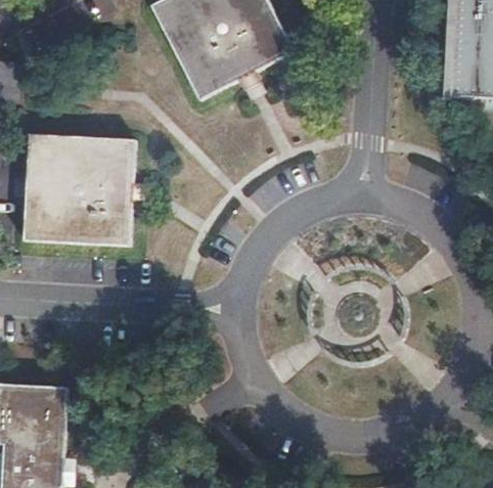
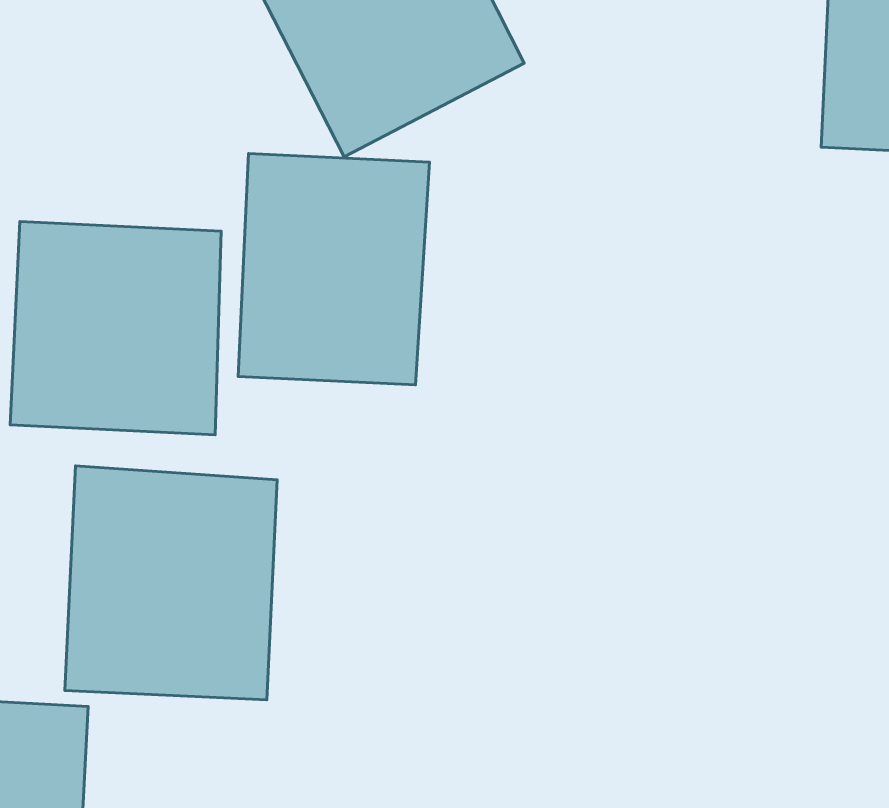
building: none -> [238,154,430,385]
building: none -> [65,466,277,700]

